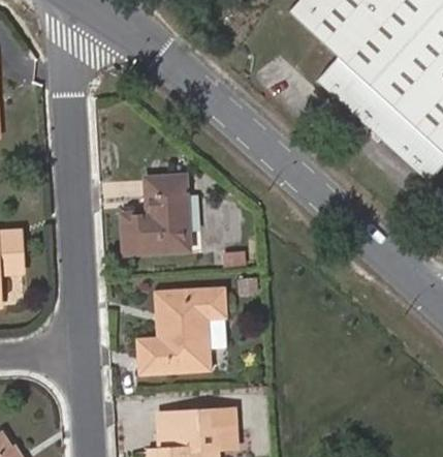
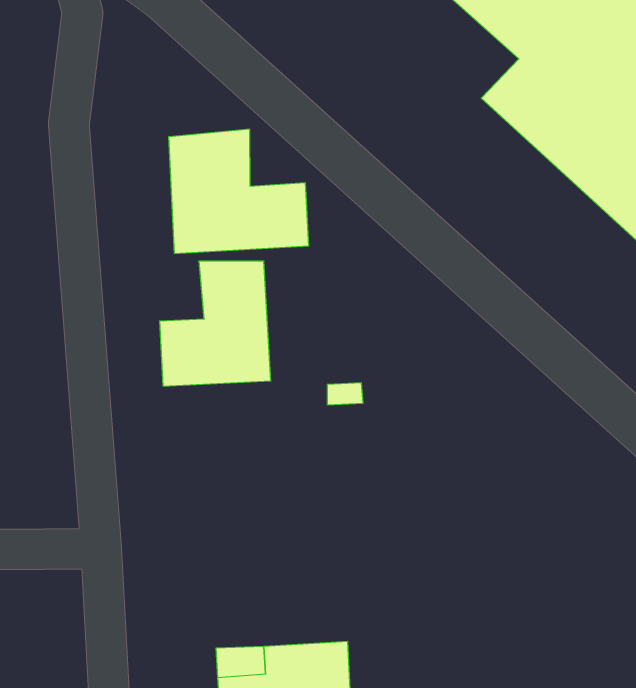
building: none -> [169,129,309,254]
building: [138,290,224,372] -> none

